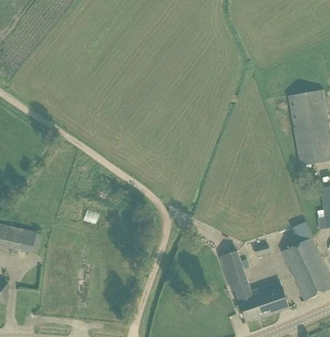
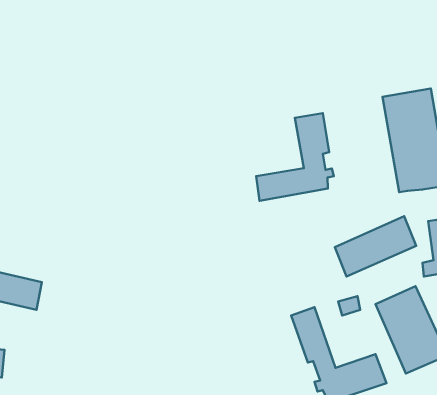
building: none -> [256,113,334,201]
building: none -> [335,216,416,277]

